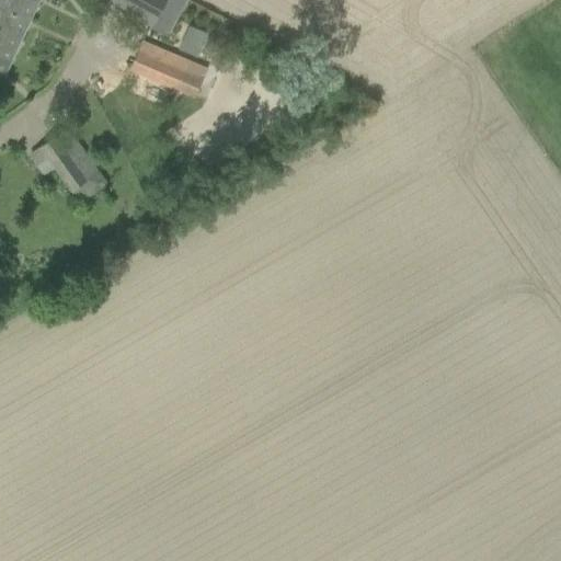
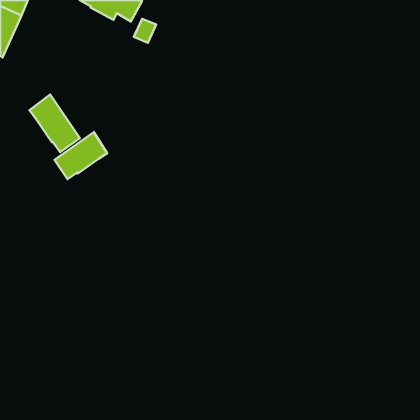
building: [129,41,205,98] -> none
building: none -> [54,132,107,179]

